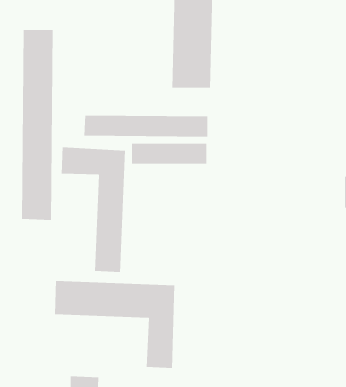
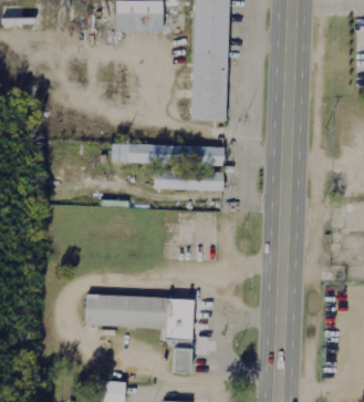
building: [21,29,53,221] -> none
building: [61,147,125,273] -> none

